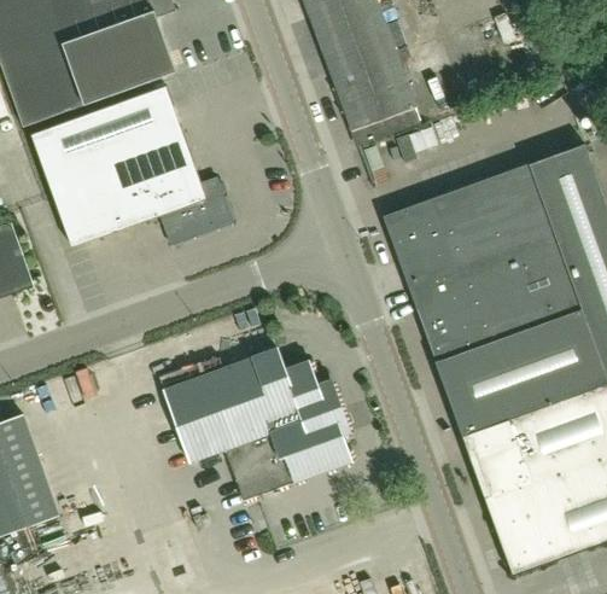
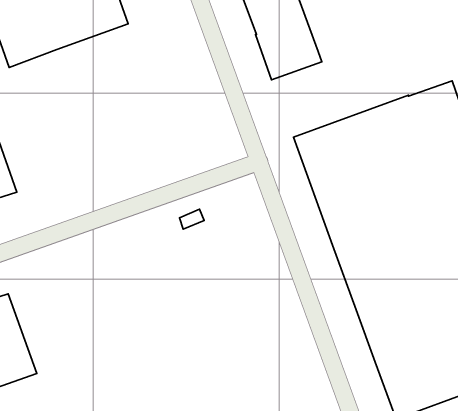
building: [31,85,230,246] -> none
building: [163,346,351,500] -> none

